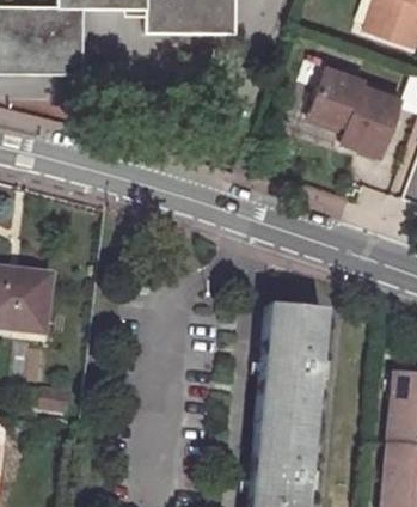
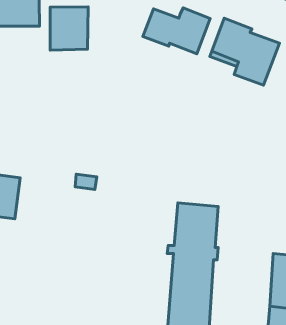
building: none -> [50,7,88,50]
building: none -> [143,8,210,54]

